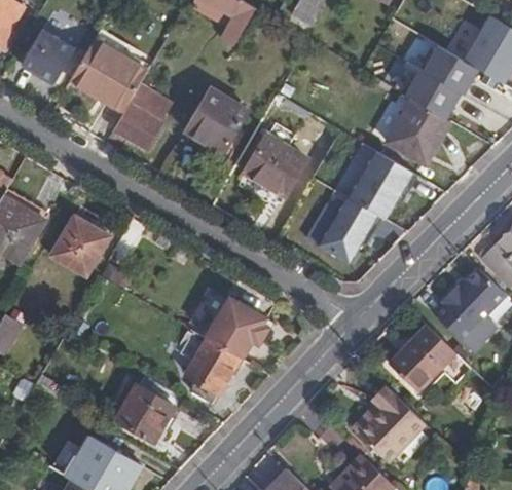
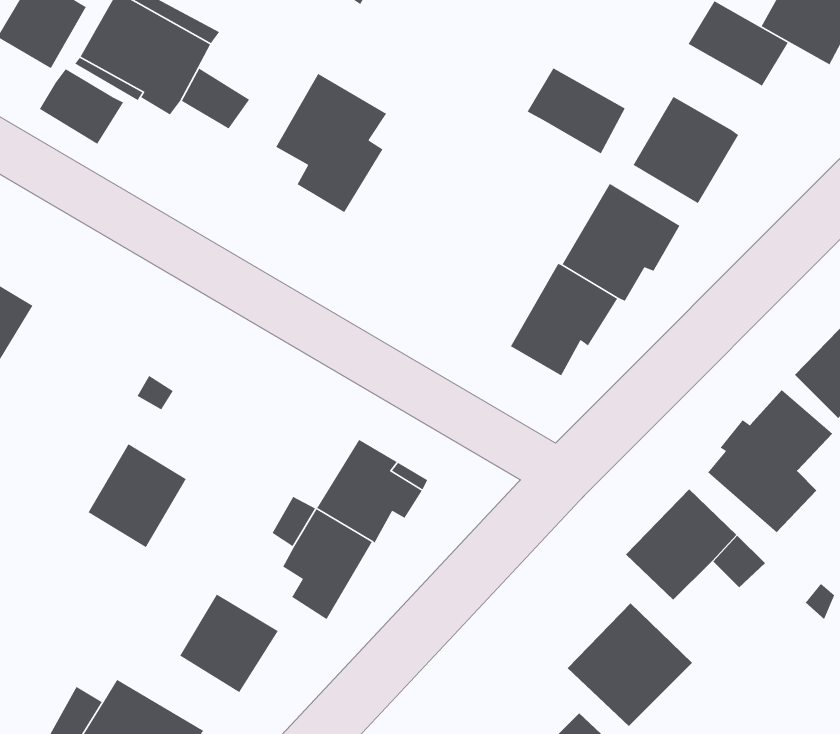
building: [403,69,461,119] -> [526,67,626,154]
building: [112,103,161,147] -> [39,68,124,145]
building: [244,134,306,195] -> none
building: [51,215,109,275] -> [87,443,187,548]

